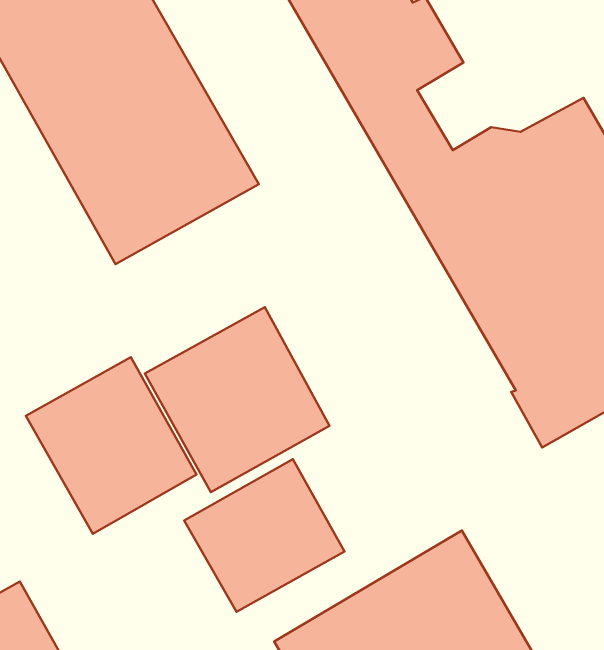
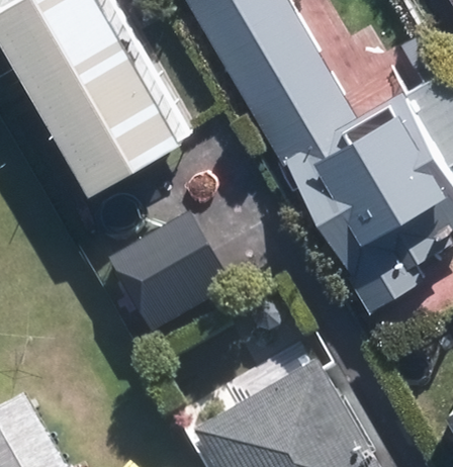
building: [26,357,196,534] -> none
building: [184,459,344,612] -> none

